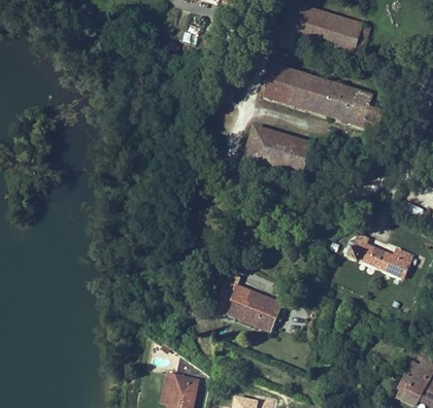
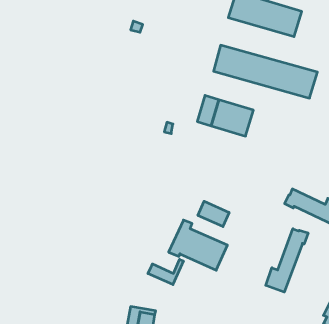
building: none -> [198,201,229,227]
building: none -> [266,229,308,292]
building: none -> [148,259,183,285]

